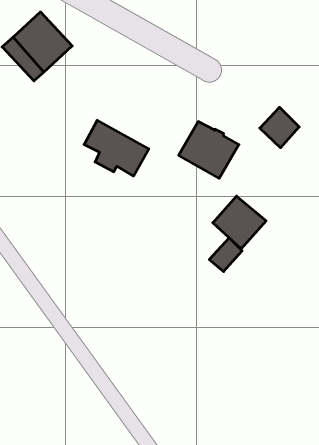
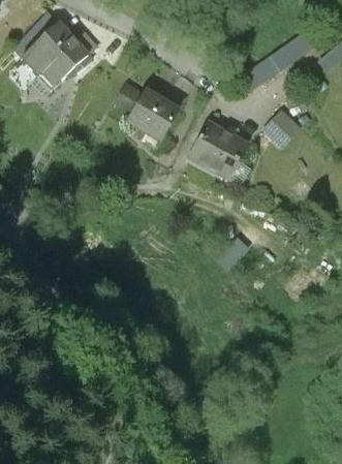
building: none -> [241,38,308,93]
building: [84,120,149,176] -> [116,82,177,134]
building: [213,196,266,249] -> none

